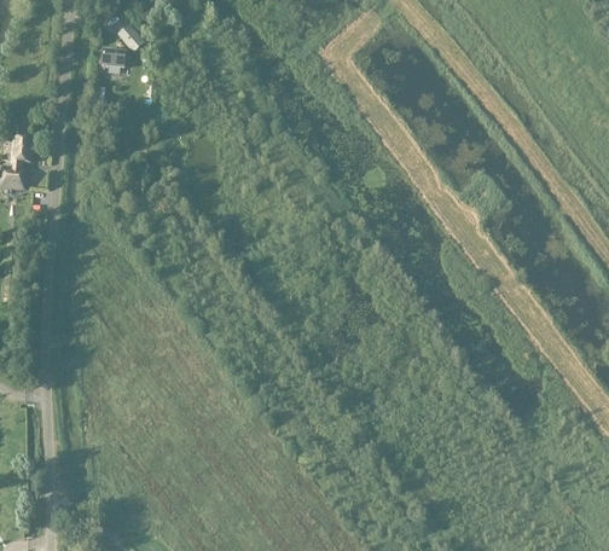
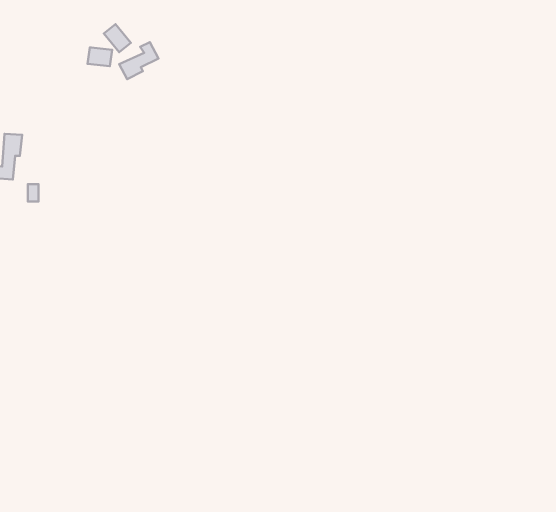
building: none -> [119,42,158,79]

